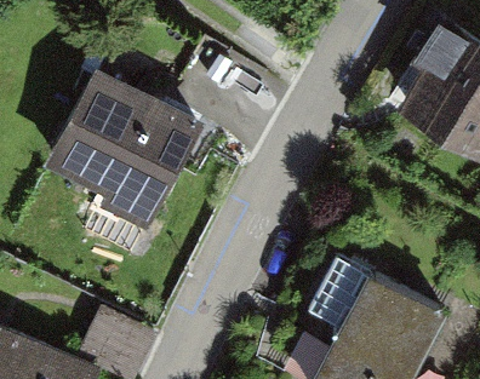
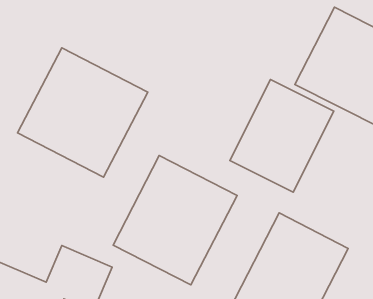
building: none -> [230,80,334,192]
building: none -> [113,156,237,285]

